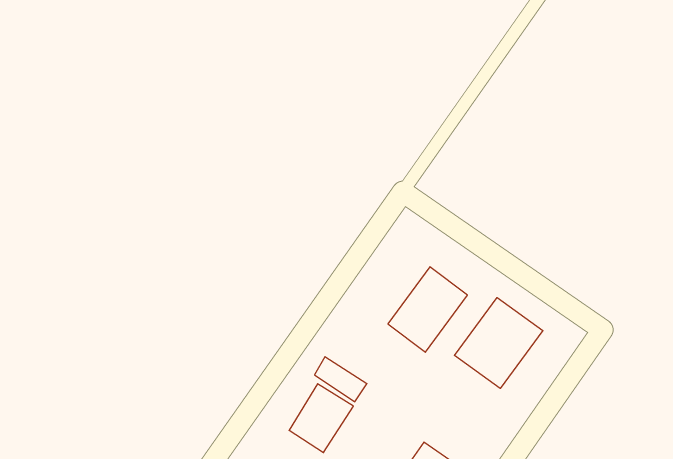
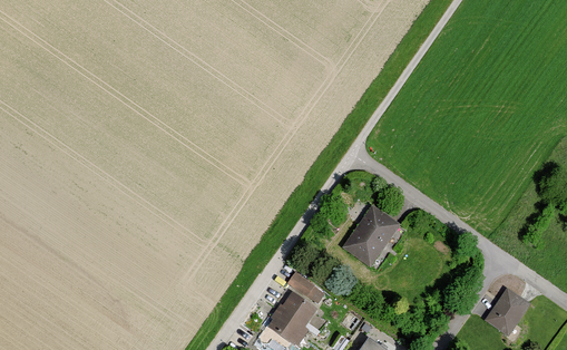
building: [454,298,543,388] -> none
building: none -> [485,289,530,337]

